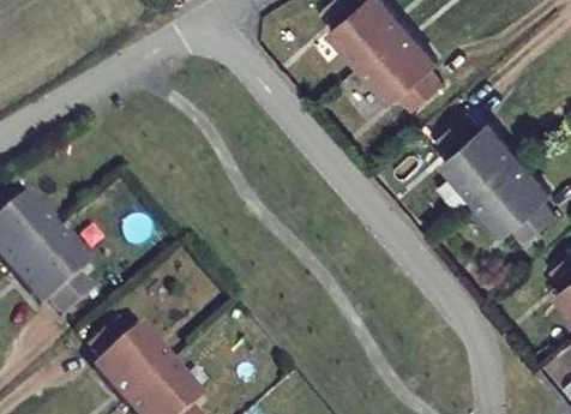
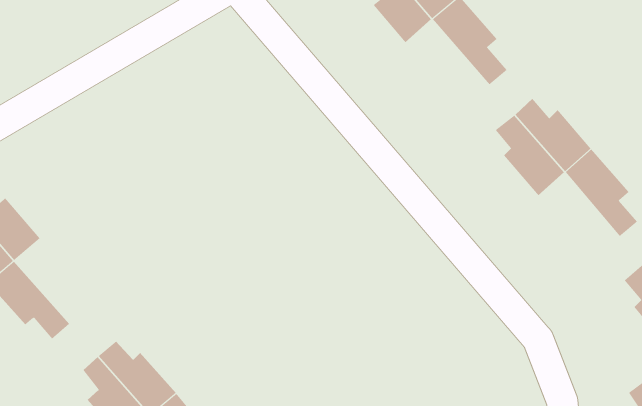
building: [363,43,435,114] -> none
building: [477,174,547,242] -> none
building: [29,230,92,304] -> none

